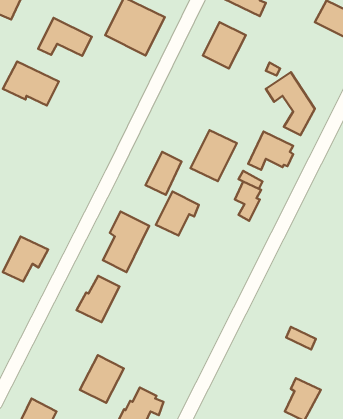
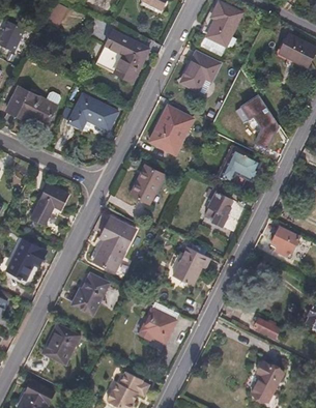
building: [38,18,92,56] -> [69,95,116,128]
building: [191,130,237,181] -> [151,108,192,152]
building: none -> [32,184,68,224]
building: [156,192,199,236] -> [173,246,210,285]
building: none -> [271,226,298,257]
building: none -> [140,301,179,342]
building: [80,355,124,403] -> [42,323,81,365]

